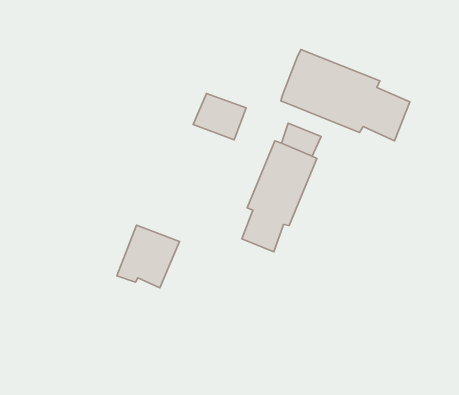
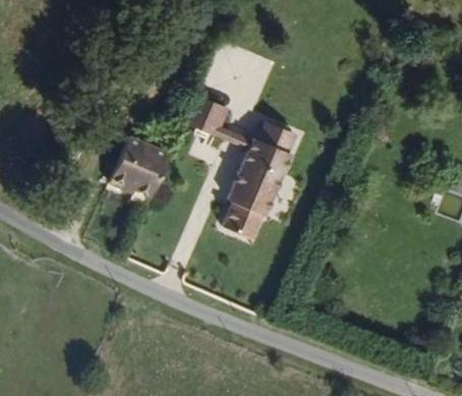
building: [281,49,410,141] -> none
building: [117,225,180,288] -> [116,136,174,194]

